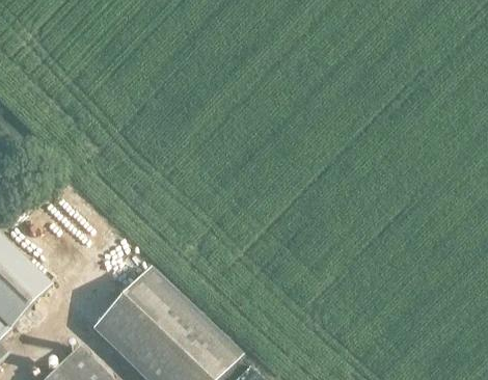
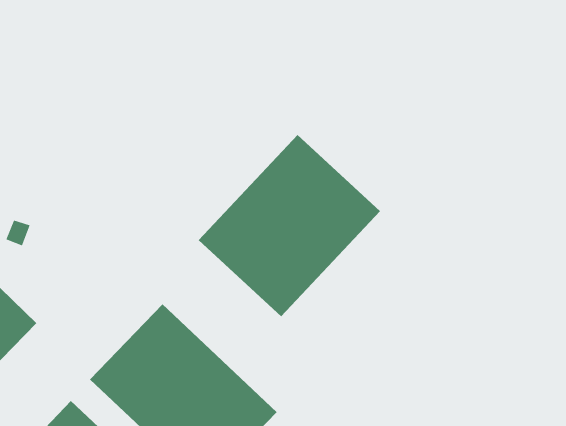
building: none -> [198,134,381,317]

